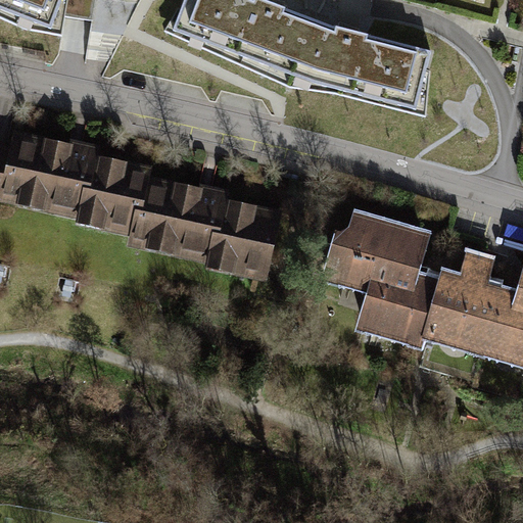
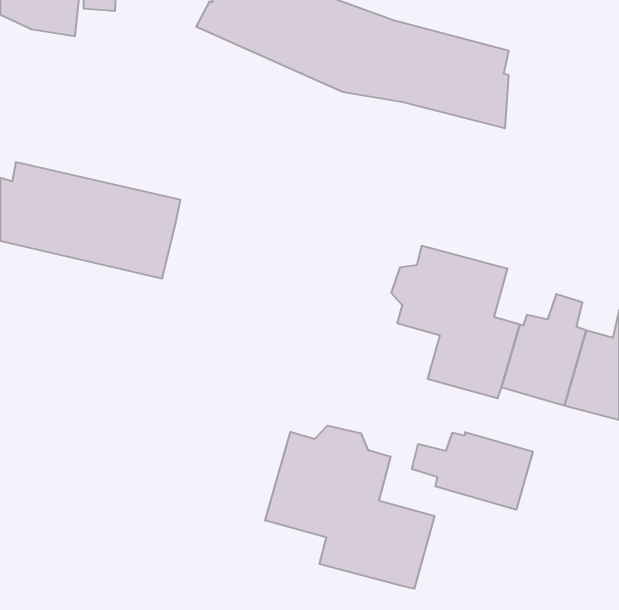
building: [134,189,282,284] -> none
building: none -> [265,426,434,589]
building: none -> [412,432,533,510]

